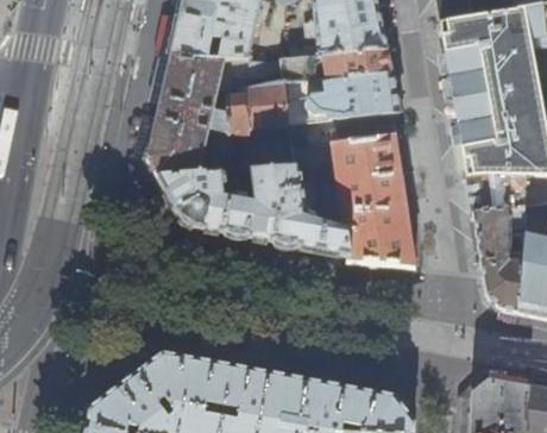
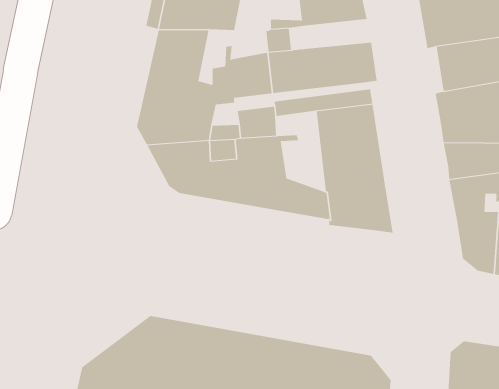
building: [321,45,392,76] -> none

